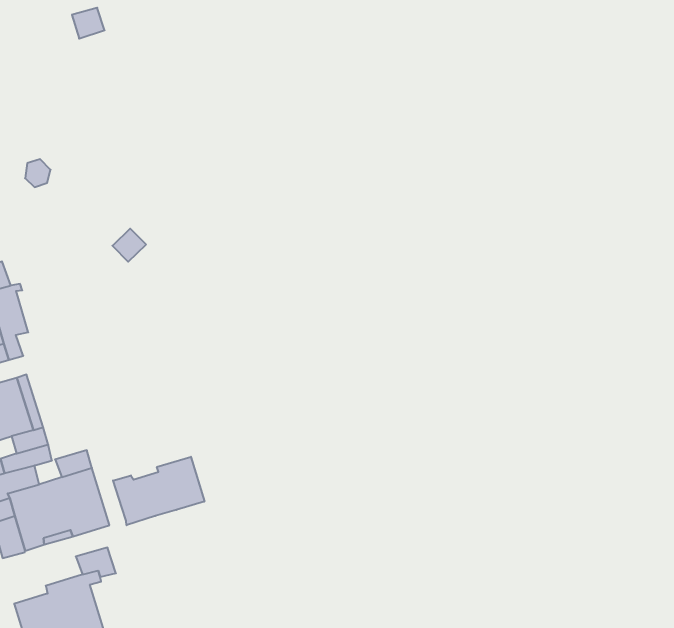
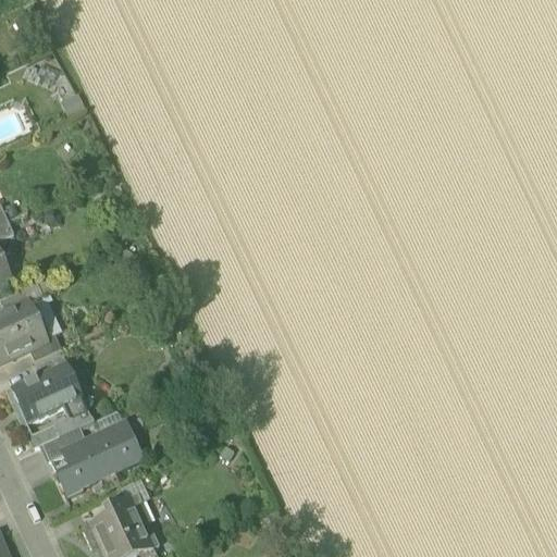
building: [113,457,204,525] -> none

